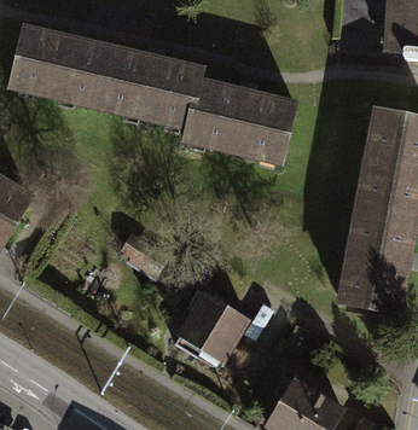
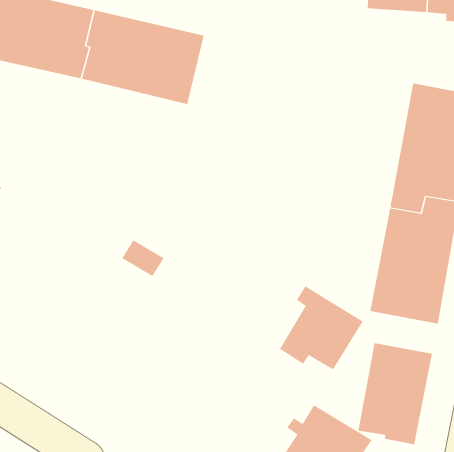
building: [185,69,295,161] -> none
building: [176,289,248,360] -> [279,286,364,370]
building: none -> [358,340,433,445]

